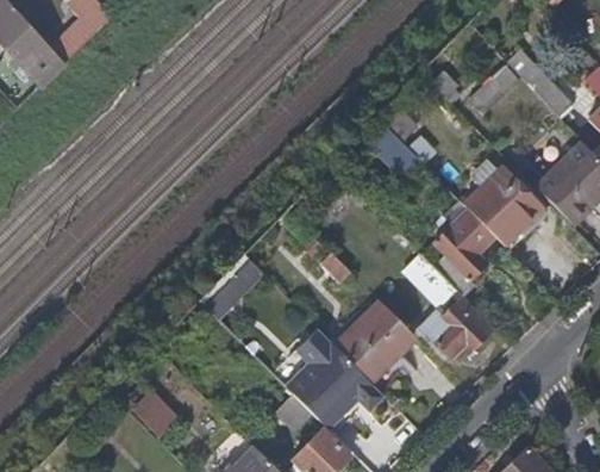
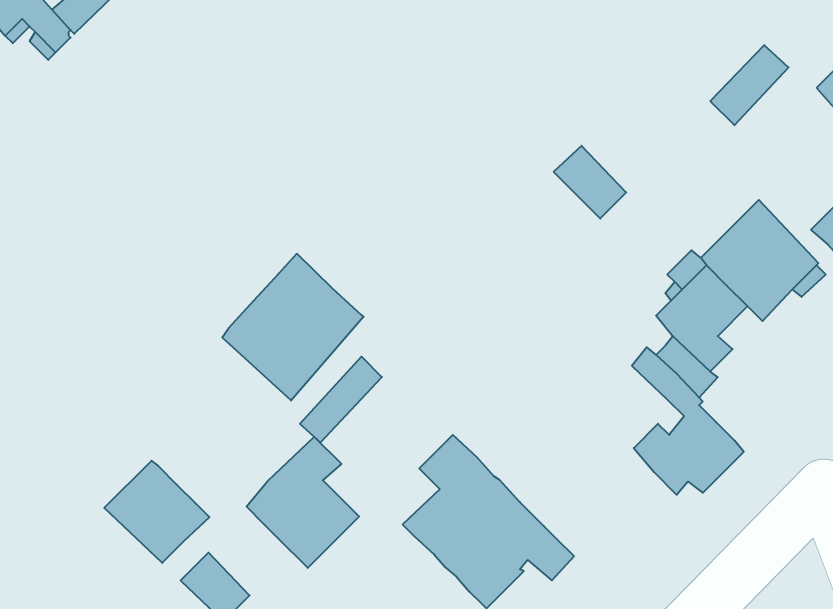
building: none -> [222,254,364,401]
building: [336,302,415,384] -> none
building: none -> [247,437,359,568]
building: none -> [104,461,209,563]

